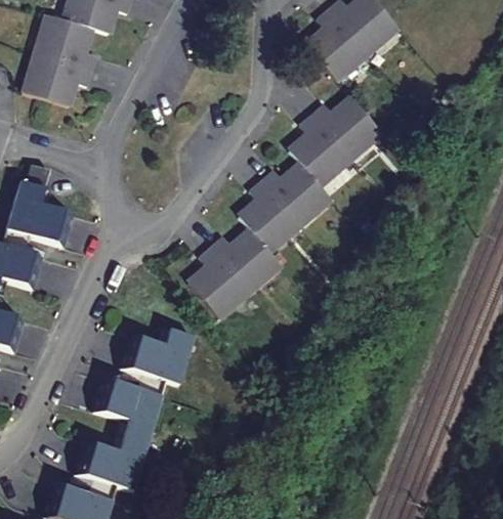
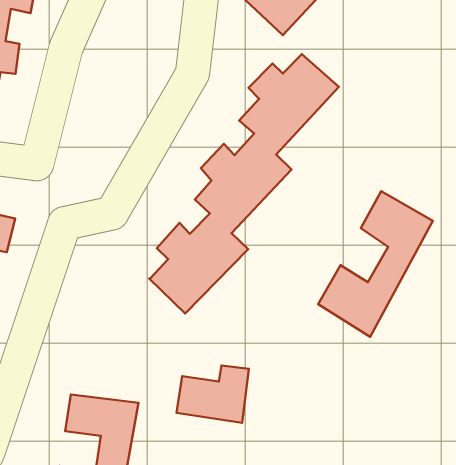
building: none -> [318,191,433,337]
building: [123,331,194,385] -> [176,366,249,423]

